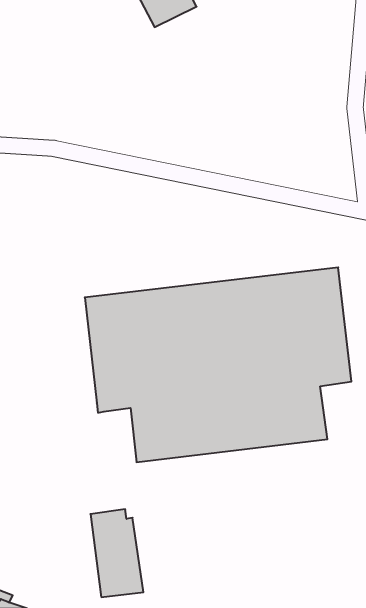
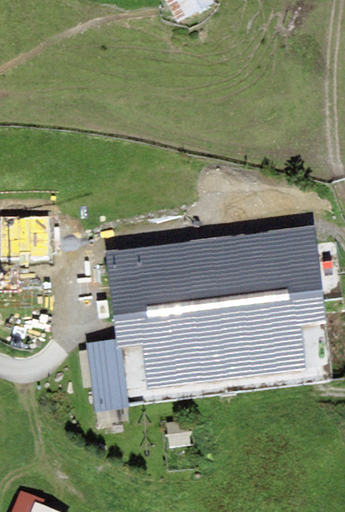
building: [90,509,143,597] -> [87,340,131,413]

